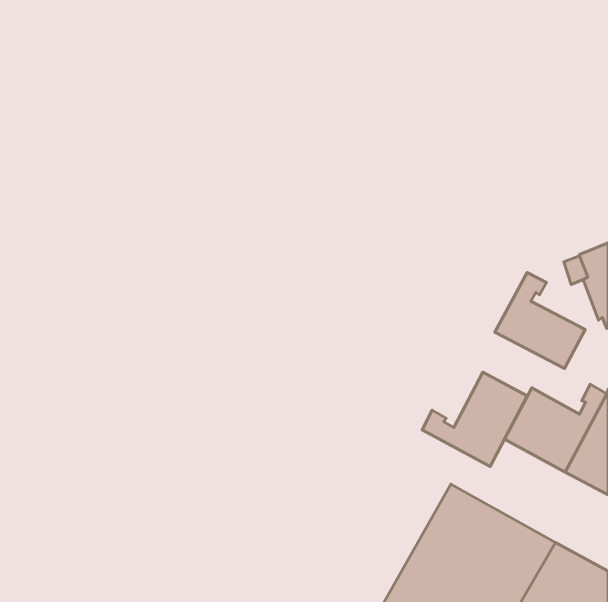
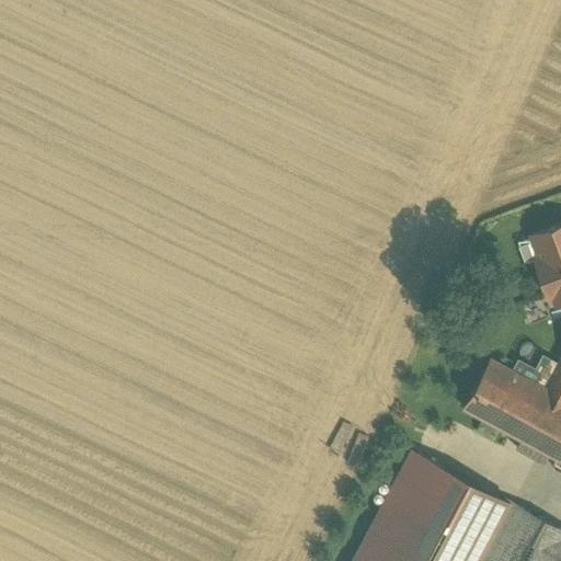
building: [495,273,585,369] -> none
building: [422,372,527,466] -> none

